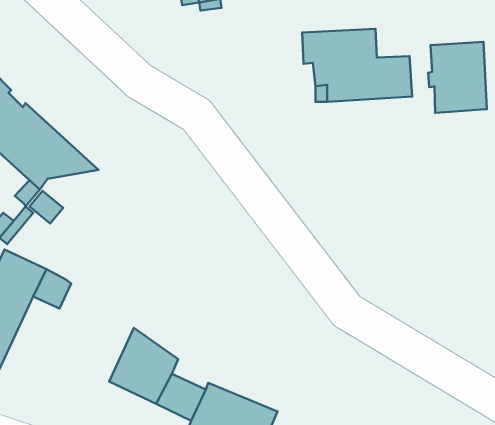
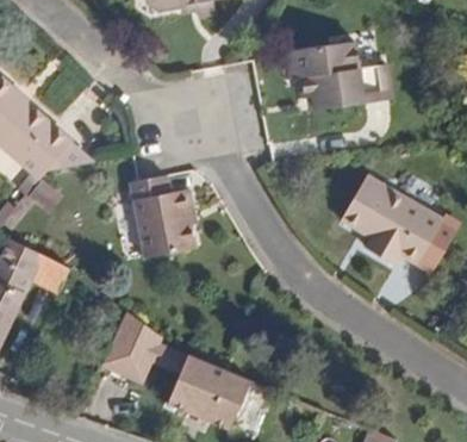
building: [428,42,487,113] -> none
building: none -> [132,178,197,261]
building: none -> [347,179,447,269]

